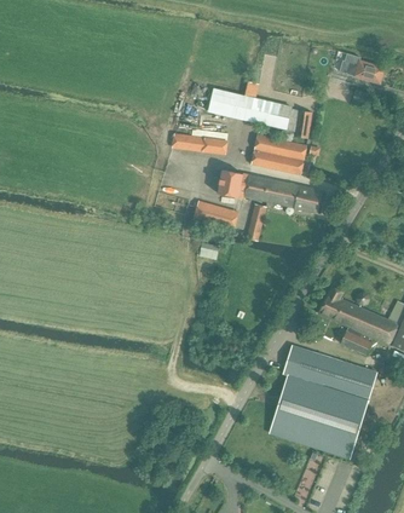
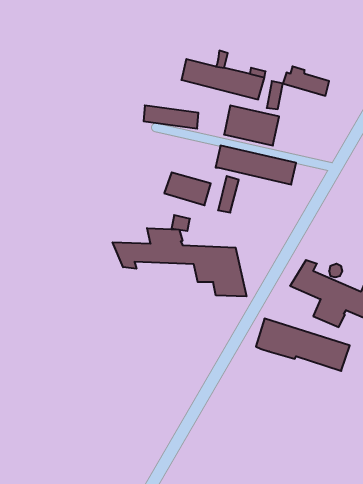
building: [337,53,383,82] -> [283,66,329,96]
building: [217,169,248,198] -> none
building: none -> [113,228,246,296]
building: [270,376,368,457] -> none

